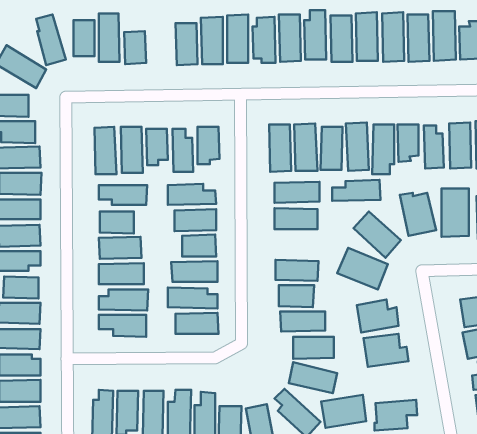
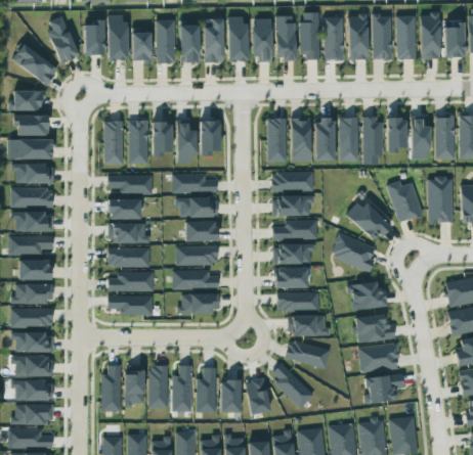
building: none -> [155,19,176,63]
building: [332,180,381,201] -> [272,220,317,239]
building: [321,395,366,428] -> [357,343,399,373]

